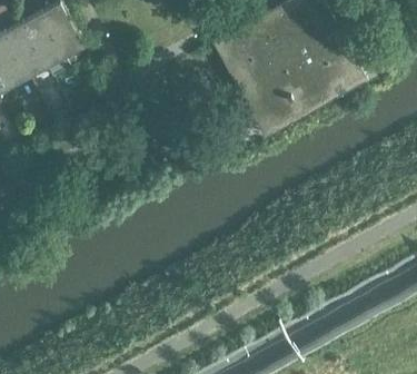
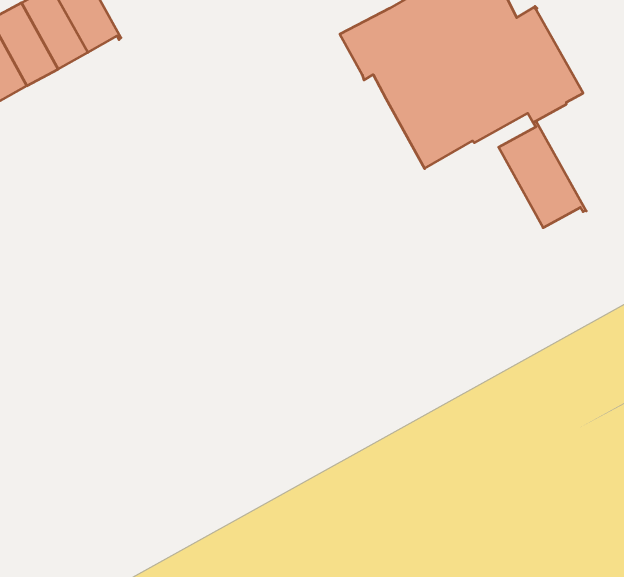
building: none -> [499,122,586,228]

